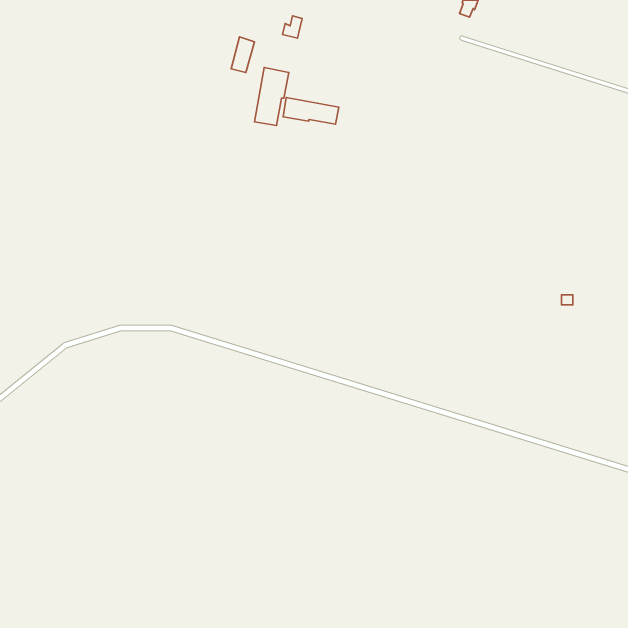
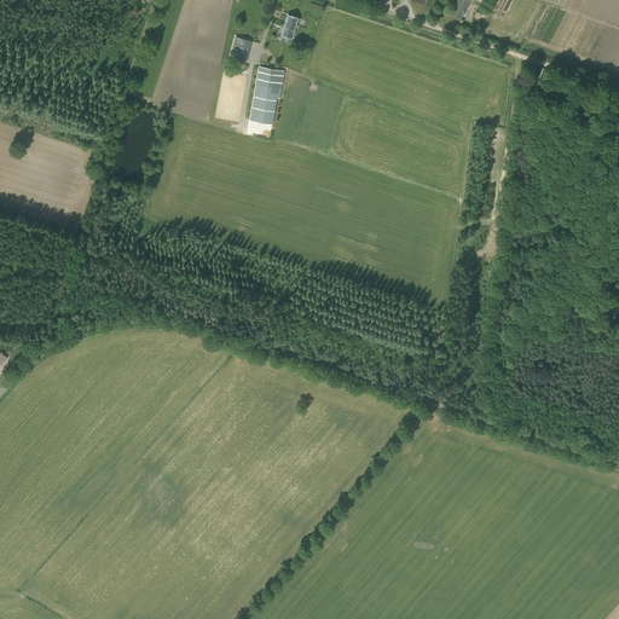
building: [283,98,339,124] -> none

